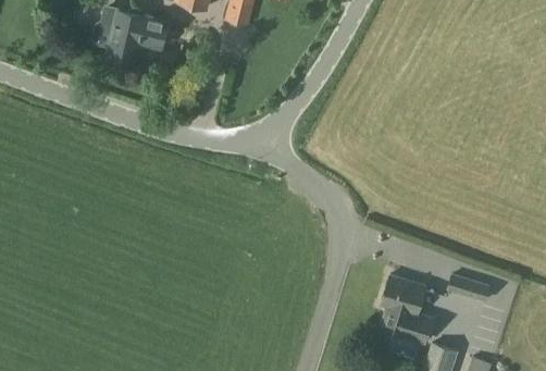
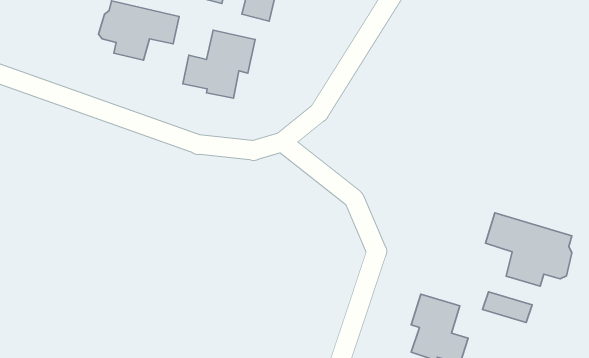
building: none -> [183,30,255,98]
building: none -> [485,213,572,286]

